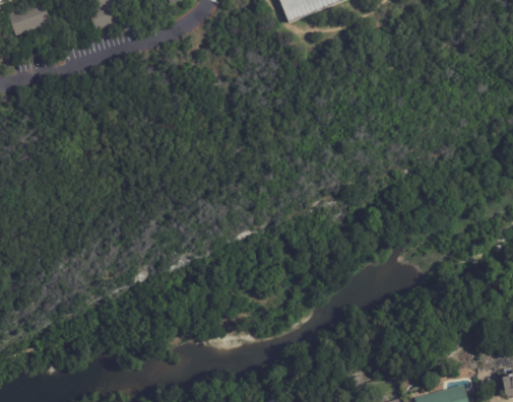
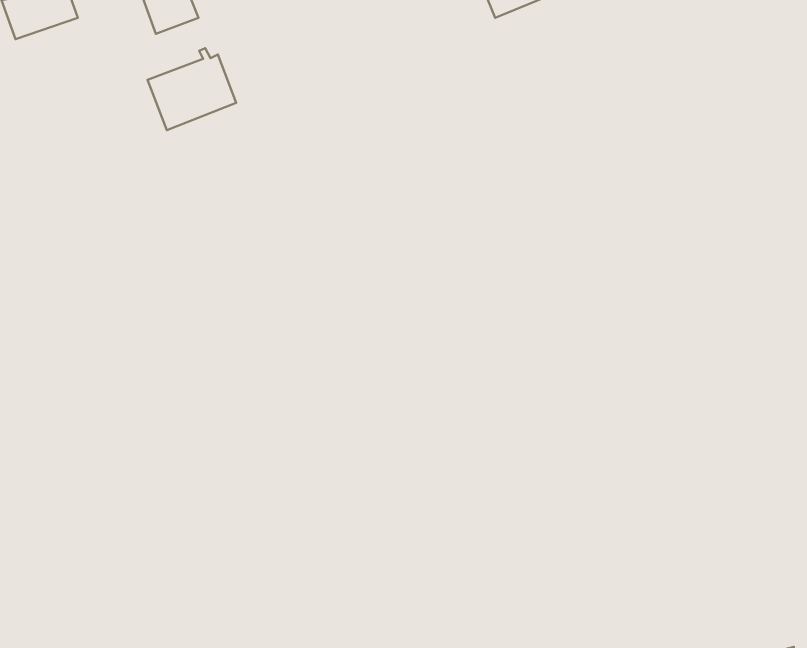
building: none -> [147,48,236,130]

